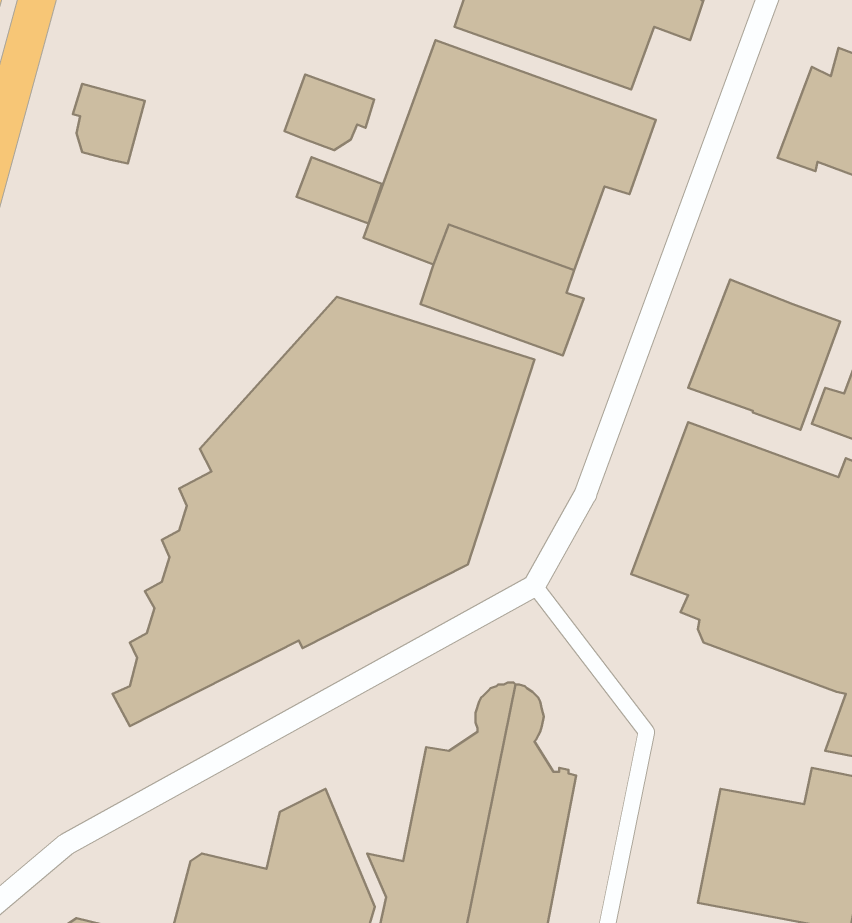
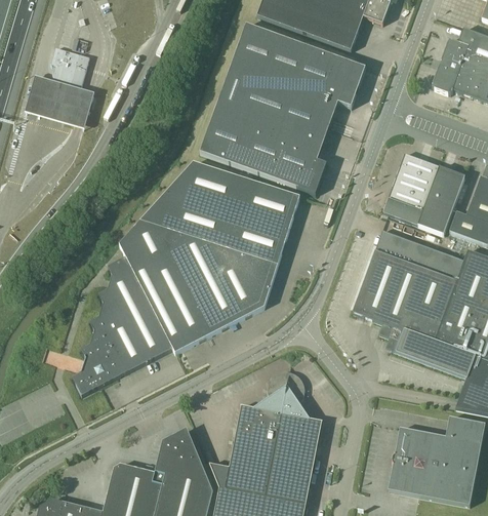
building: [285,75,374,150] -> none
building: none -> [24,79,94,132]
building: [296,157,382,224] -> [199,130,245,166]

